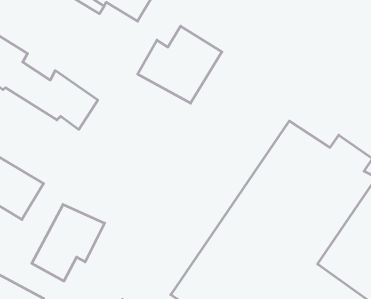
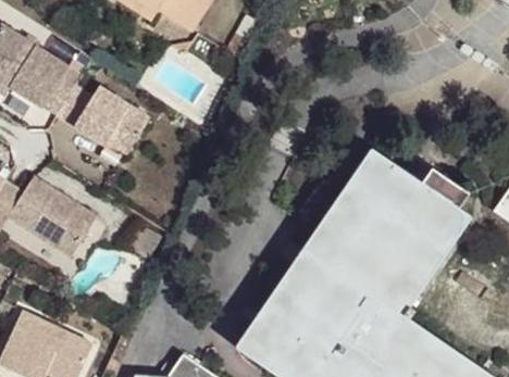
building: [138,26,222,103] -> none
building: [32,204,105,281] -> none

